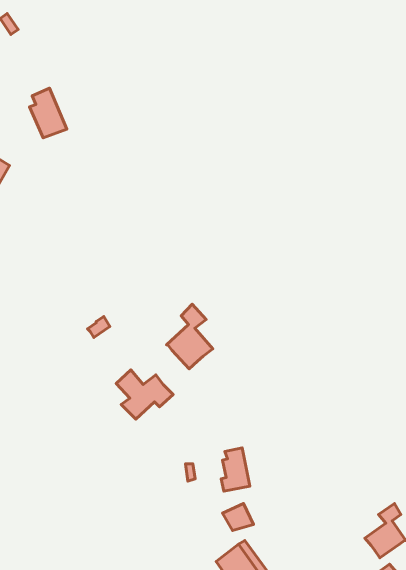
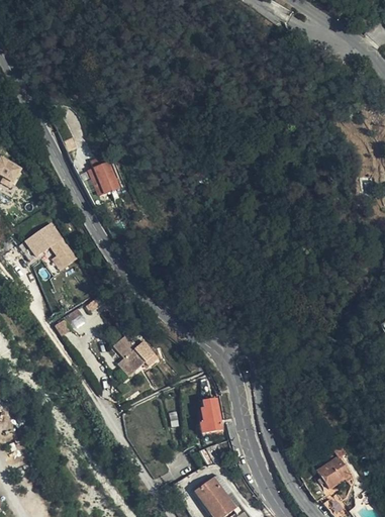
building: [30,88,67,138] -> [87,157,117,197]
building: none -> [24,222,77,269]
building: [166,304,213,369] -> none

